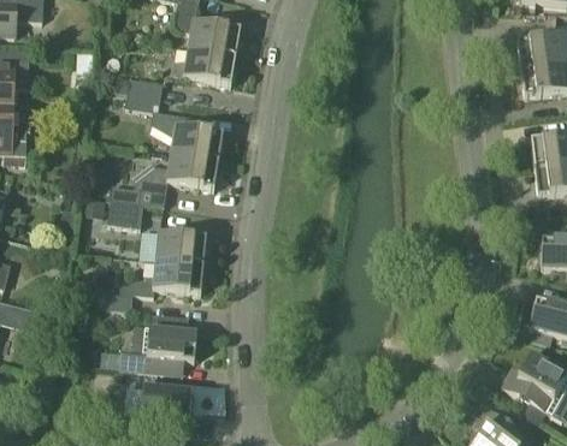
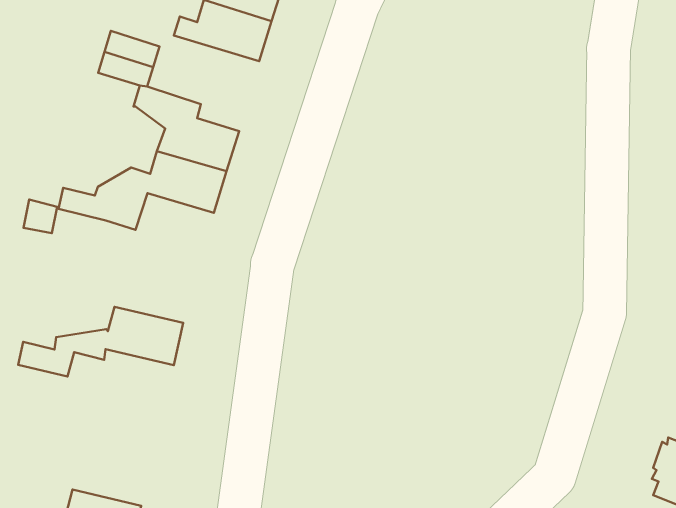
building: [107,200,143,227] -> none
building: [156,231,207,264] -> none
building: [131,327,197,373] -> none

